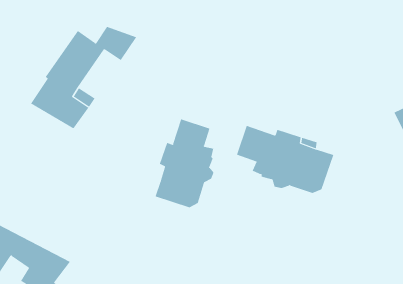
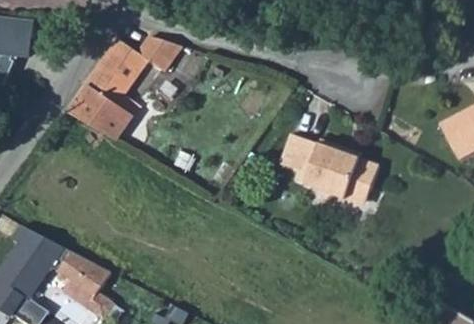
building: [155,119,214,208] -> none

